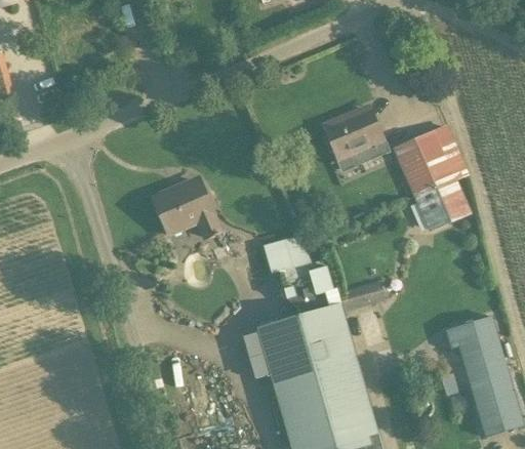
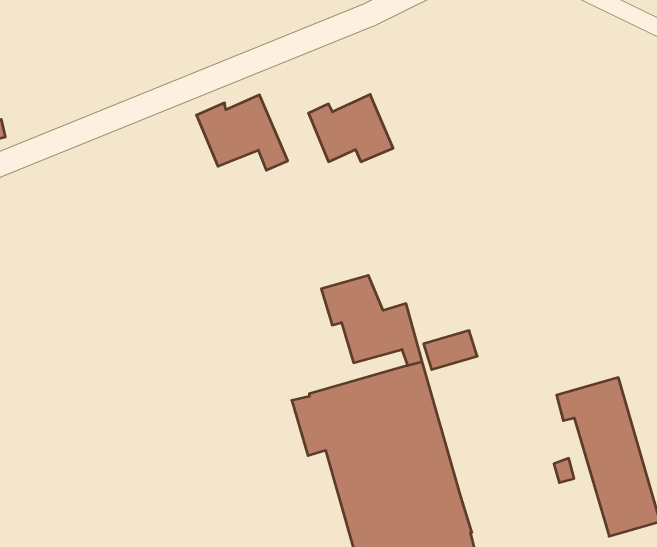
building: [323,110,388,161] -> [308,94,393,162]
building: [396,127,467,230] -> none
building: [151,180,220,238] -> [196,95,288,170]

